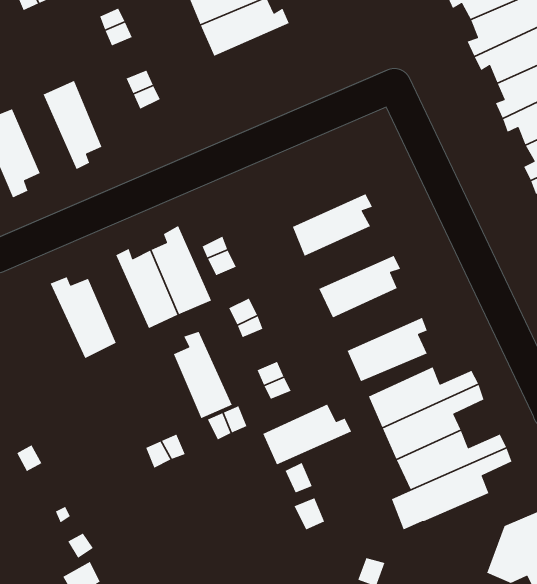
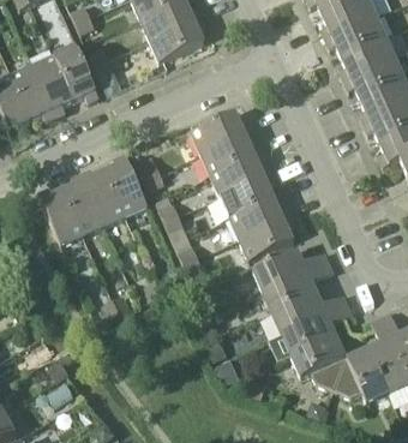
building: none -> [149,17,205,61]
building: none -> [54,46,98,102]
building: none -> [12,65,55,120]
building: none -> [191,112,252,155]
building: none -> [210,155,271,197]
building: [173,331,233,419] -> [64,174,104,234]
building: [262,403,352,465] -> [229,197,290,239]
building: none -> [292,336,346,390]

